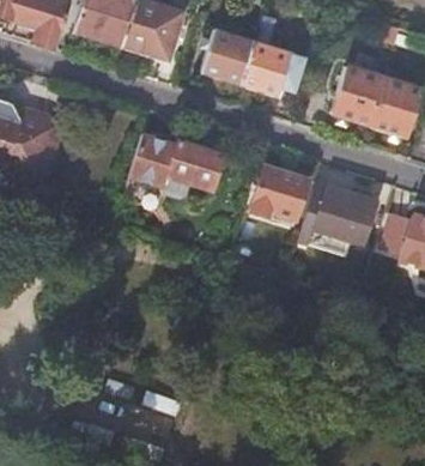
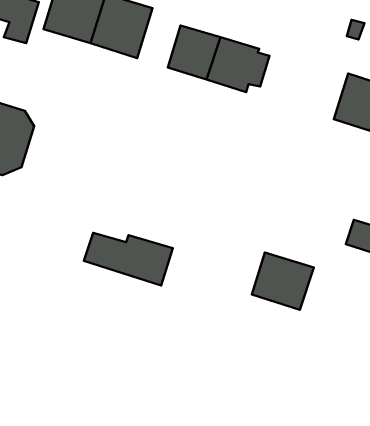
building: [332,66,384,125] -> none
building: [132,138,223,192] -> [84,233,173,285]
building: [256,167,308,210] -> none
building: [314,186,377,244] -> [252,252,314,310]

